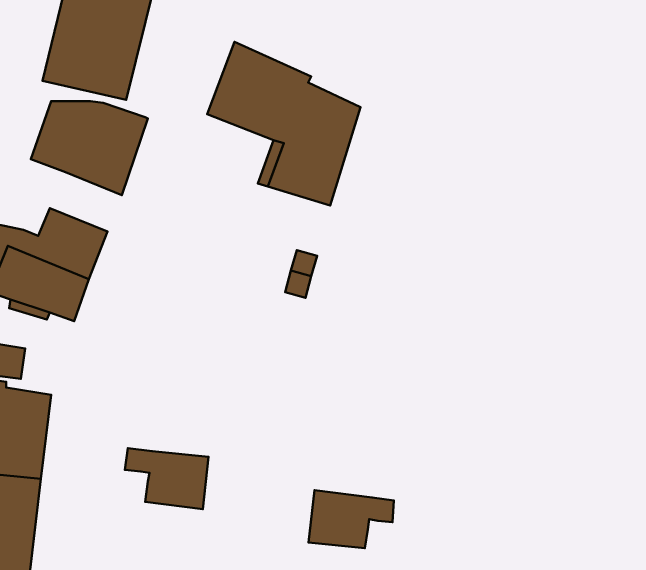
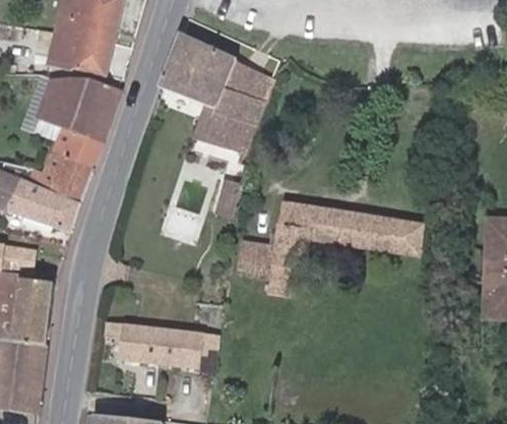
building: none -> [51,126,102,168]
building: none -> [239,201,423,296]
building: [309,490,394,548] -> [159,326,218,367]

